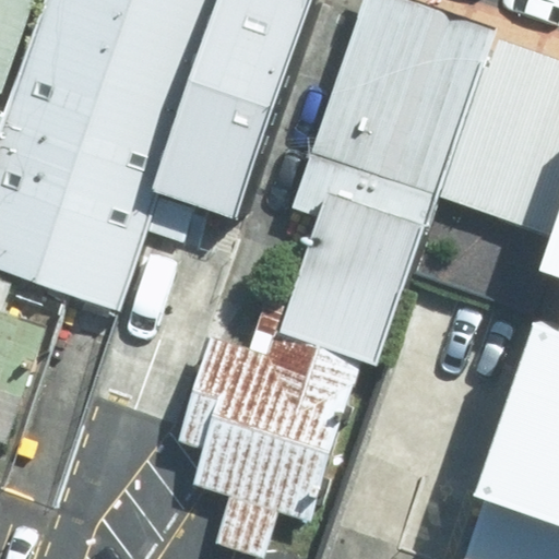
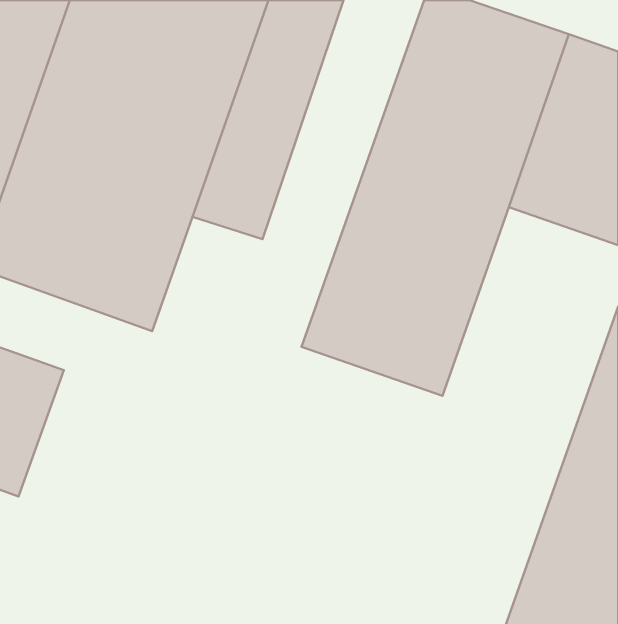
building: [181,340,365,530] -> none

